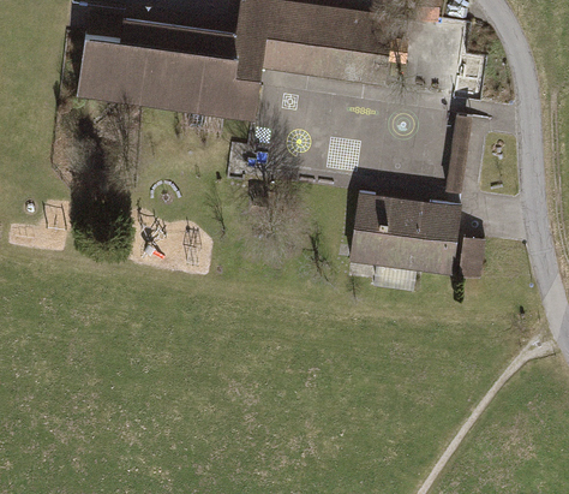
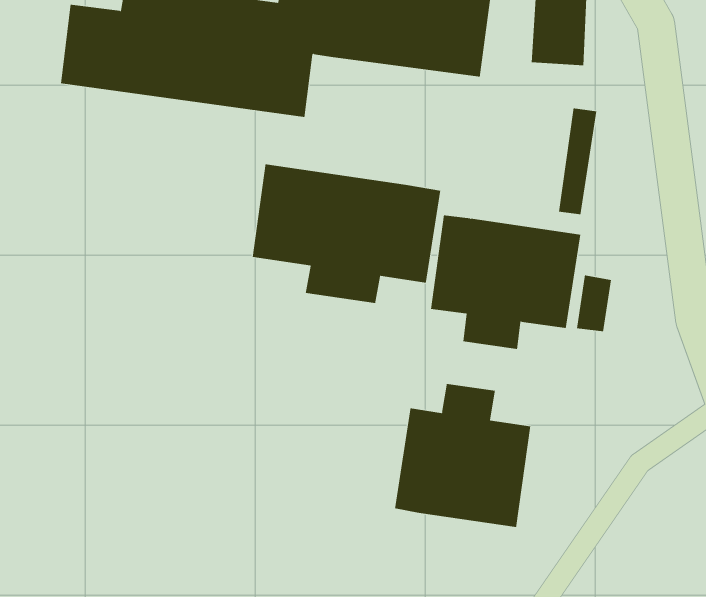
building: none -> [252,163,441,304]
building: none -> [394,383,531,528]

